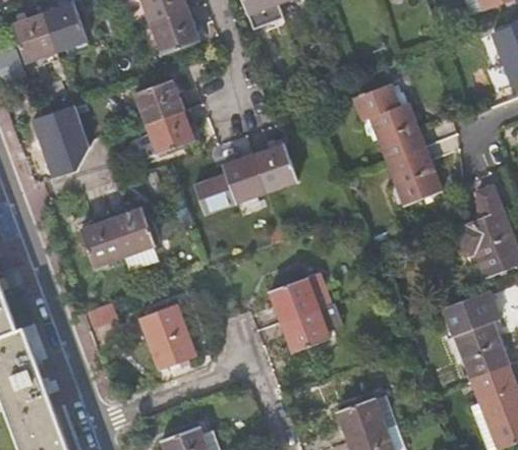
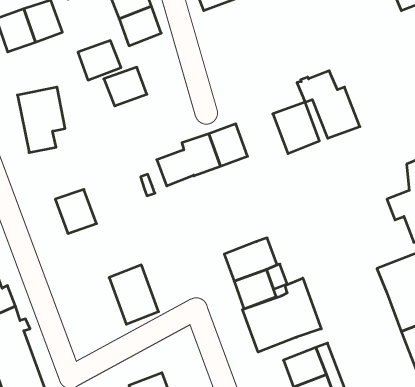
building: [146,110,194,155] -> [78,41,121,80]
building: [387,147,440,205] -> [273,102,319,154]
building: [111,208,158,271] -> none
building: none -> [242,278,321,352]

